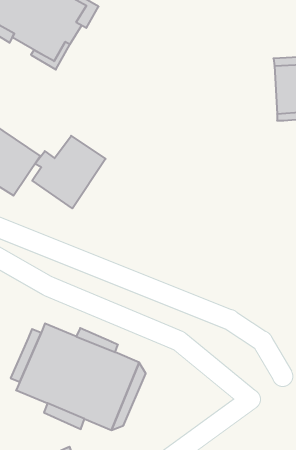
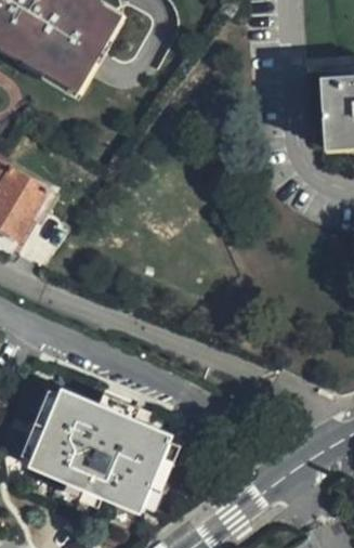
building: [32,136,106,208] -> none

